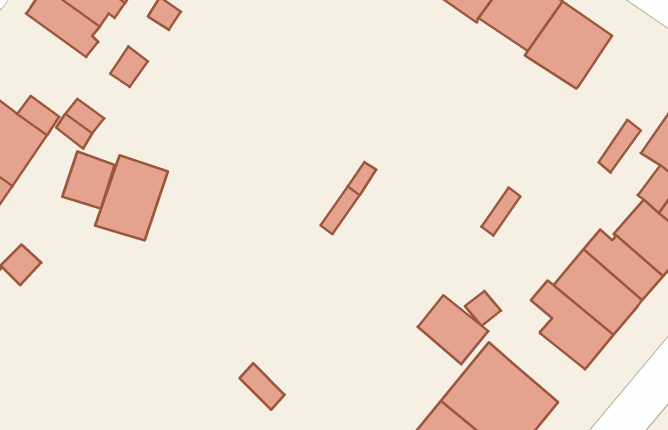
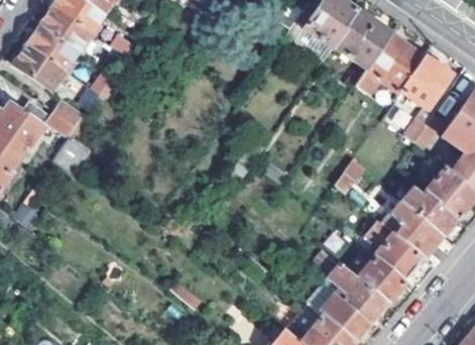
building: none -> [15,42,69,87]
building: none -> [399,58,448,108]
building: [95,155,168,240] -> none
building: [418,295,488,364] -> [356,257,403,304]

